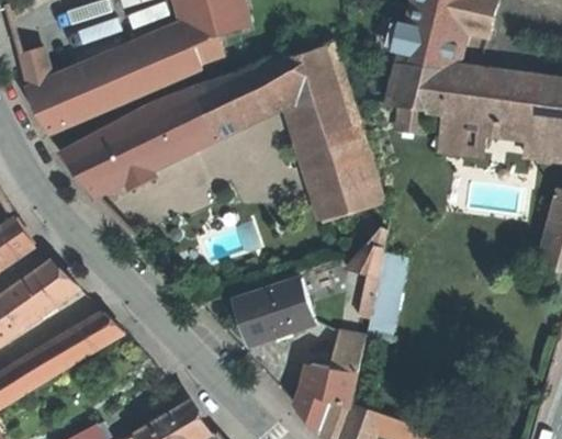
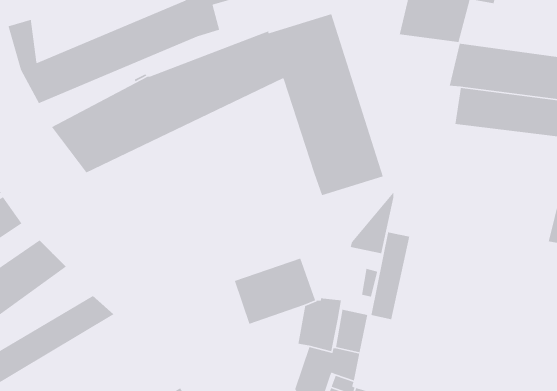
building: [386,65,453,114] -> none

